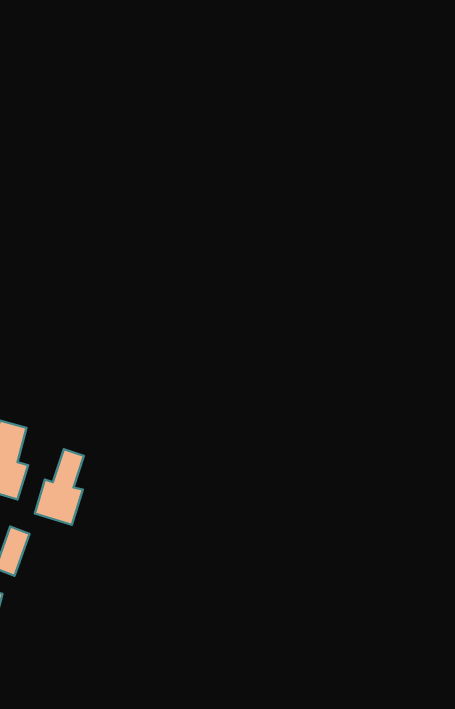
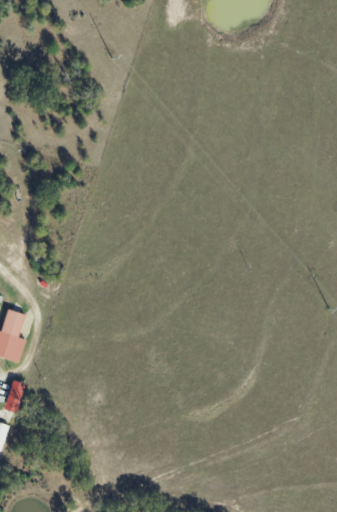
building: [35,449,84,525] -> none

